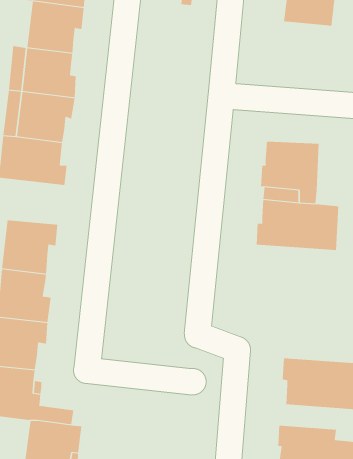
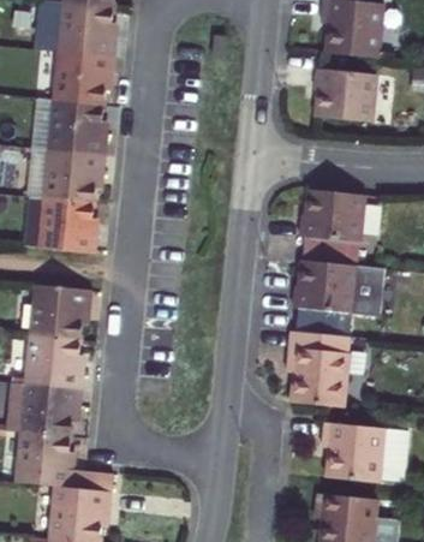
building: none -> [312,87,375,138]
building: none -> [291,330,354,403]

